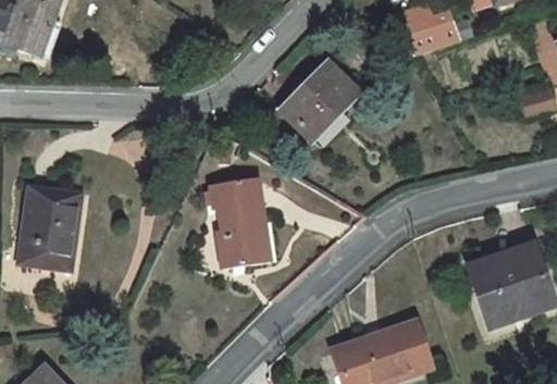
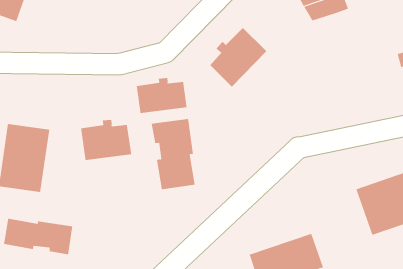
building: none -> [136,77,187,114]
building: none -> [80,119,132,161]
building: none -> [4,218,73,255]

